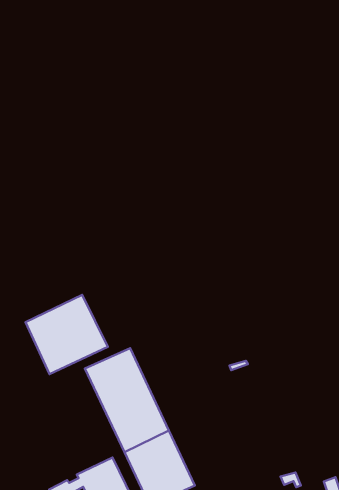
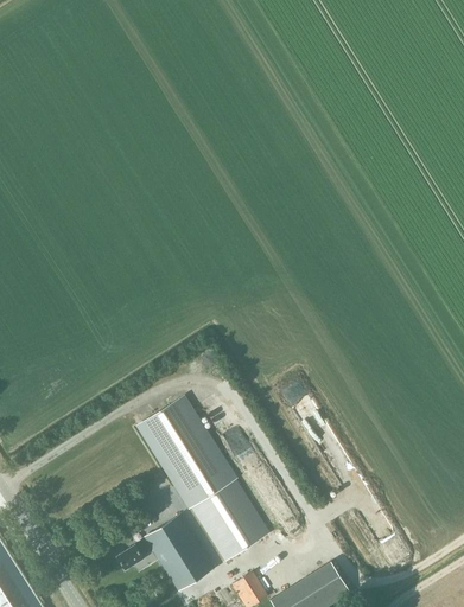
building: [26,295,108,374] -> none

